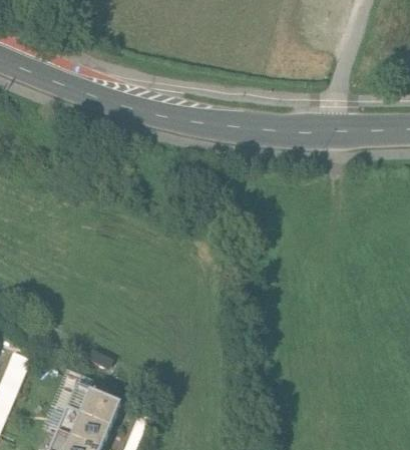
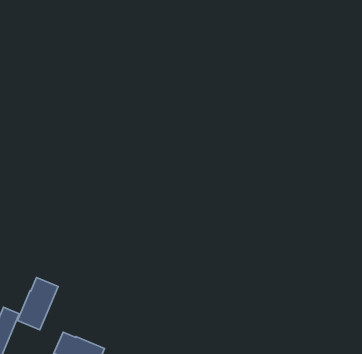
building: none -> [18,278,58,330]

